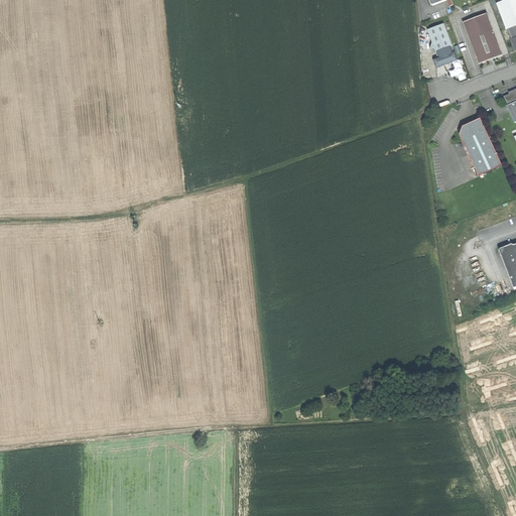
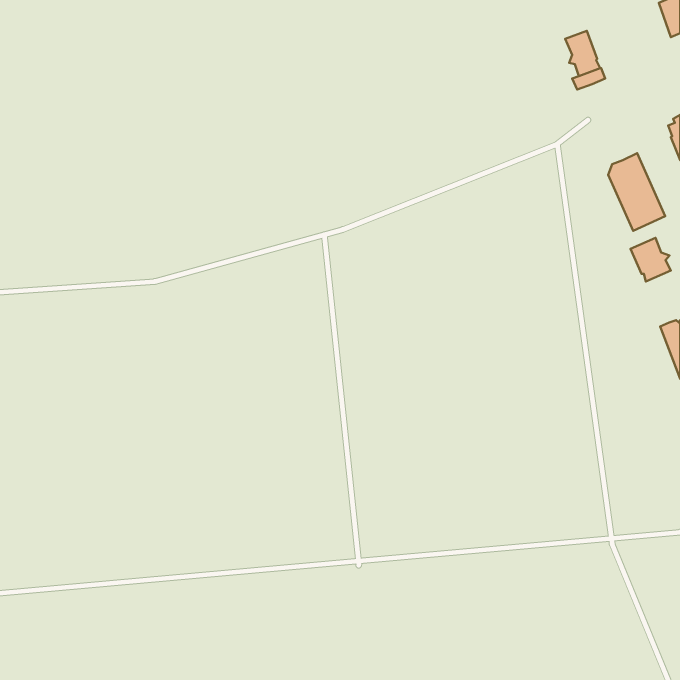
building: [464,13,502,62] -> none
building: none -> [631,238,671,282]

